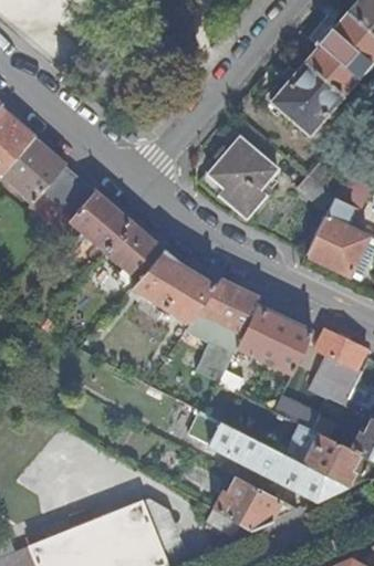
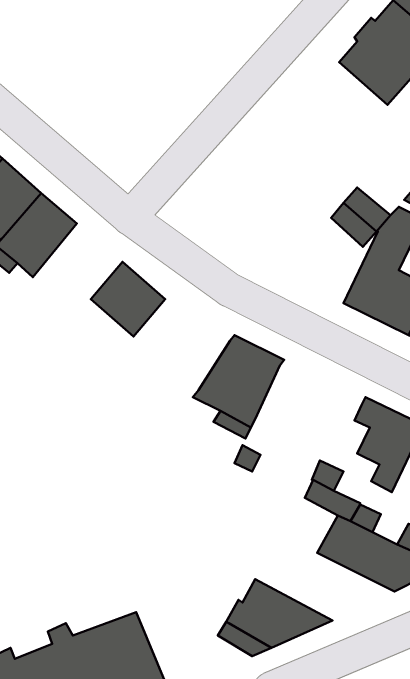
building: [269,61,342,135] -> none
building: [206,136,276,218] -> none
building: [69,190,129,251] -> none
building: [131,251,216,324] -> none
building: [236,304,311,374] -> none
building: [207,421,347,500] -> none

